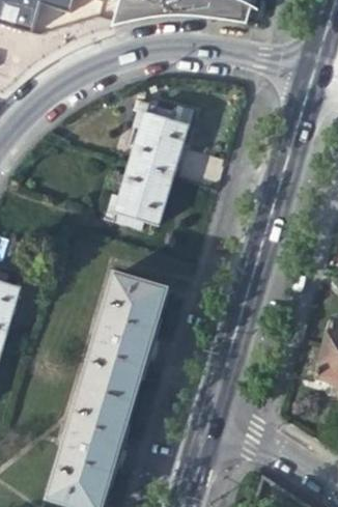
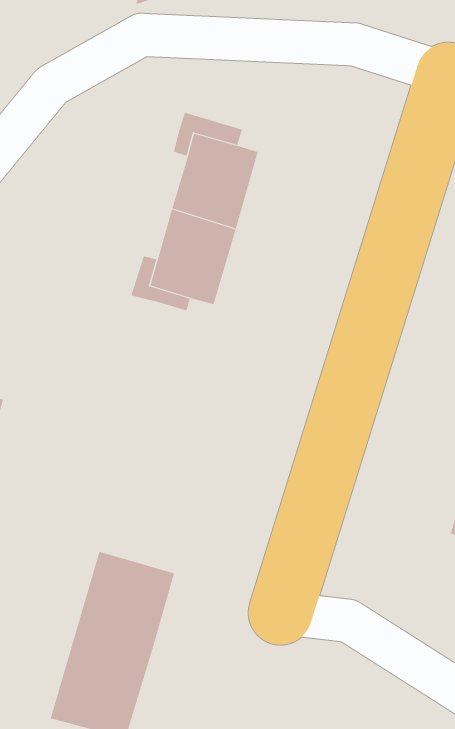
building: [84,274,167,401] -> none

